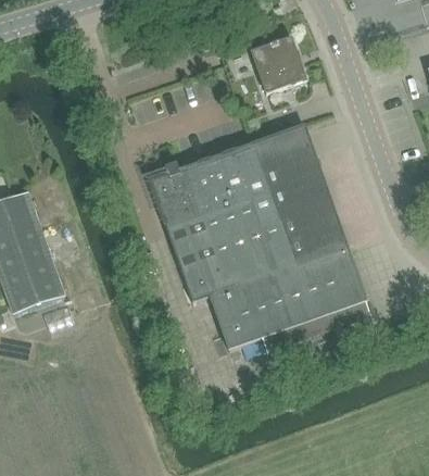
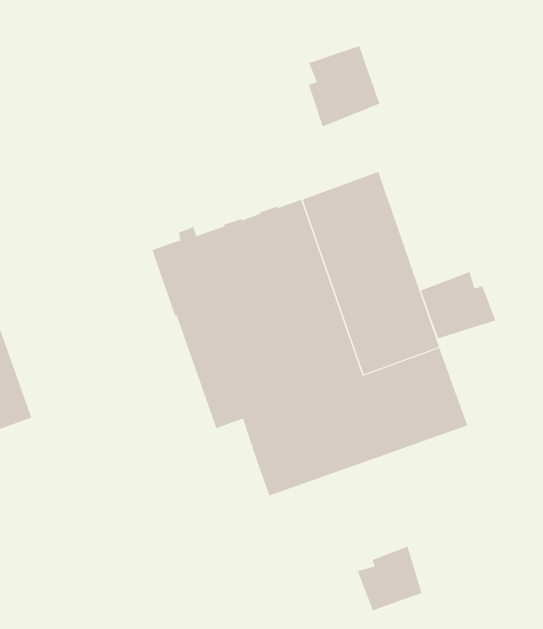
building: none -> [420,271,496,339]
building: none -> [357,546,422,611]

